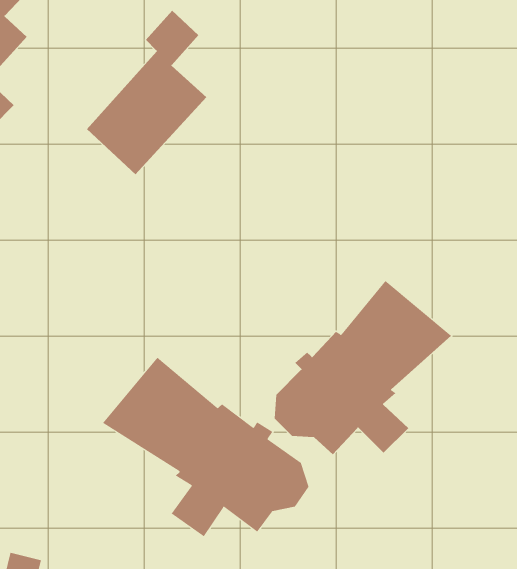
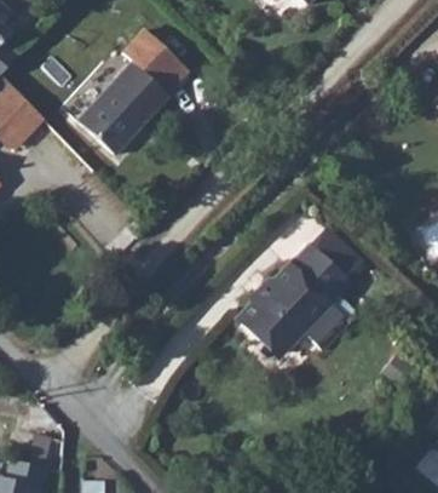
building: [102,357,309,537] -> none

